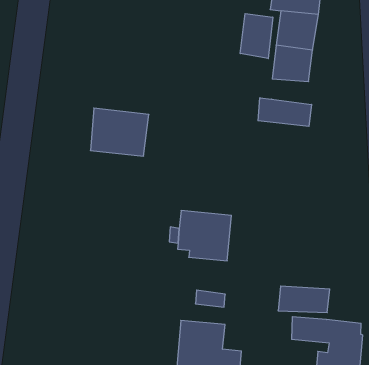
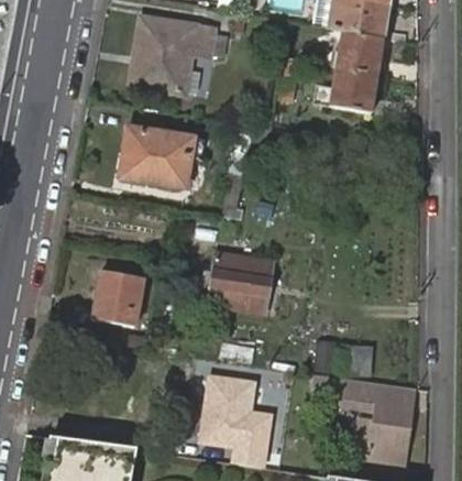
building: none -> [134,18,212,95]
building: [240,14,273,59] -> none
building: [258,98,312,126] -> none
building: none -> [96,269,145,326]

